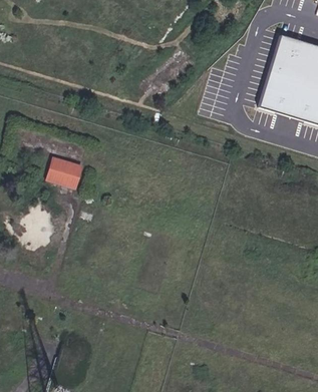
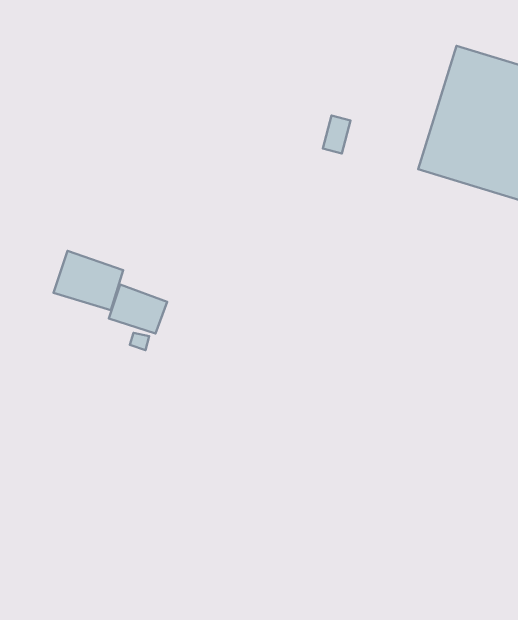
building: none -> [109,285,167,334]

